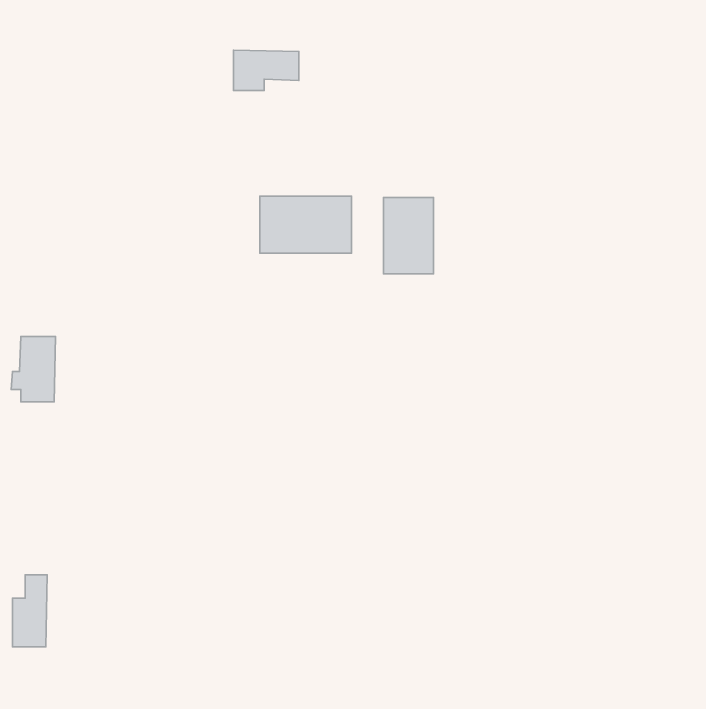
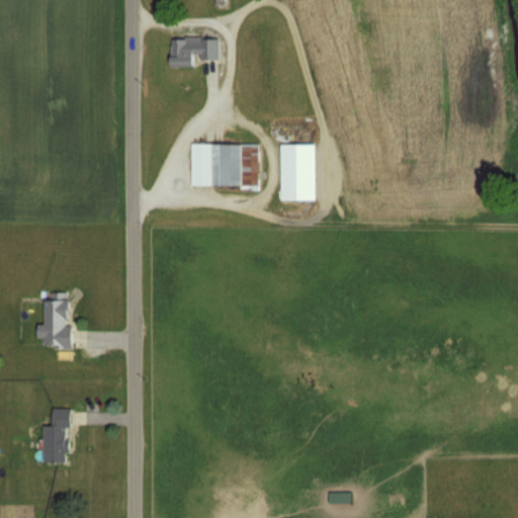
building: [11,337,56,402] -> [36,299,69,347]
building: [13,575,47,647] -> [42,409,68,461]

